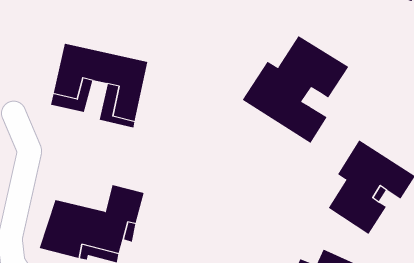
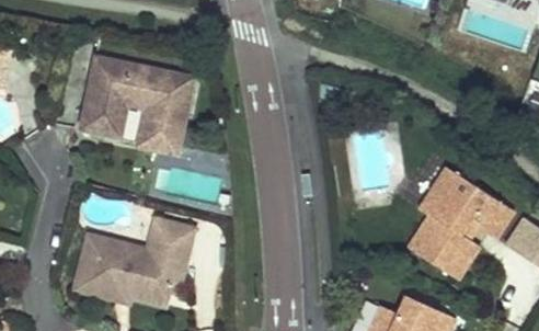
building: [242,35,349,144] -> none

